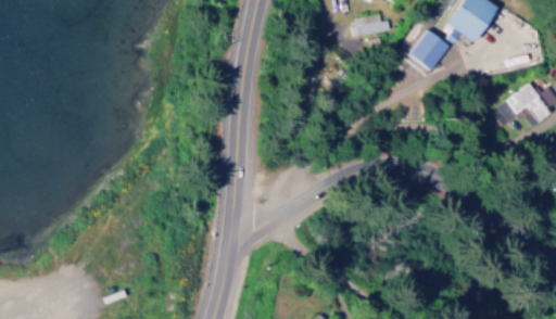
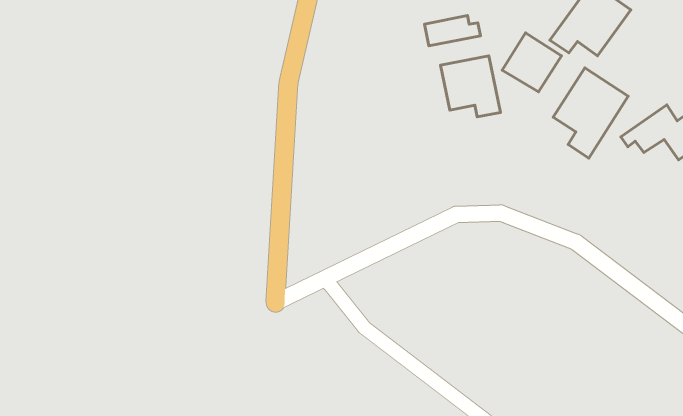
building: none -> [441,56,500,117]
building: none -> [553,68,628,158]

